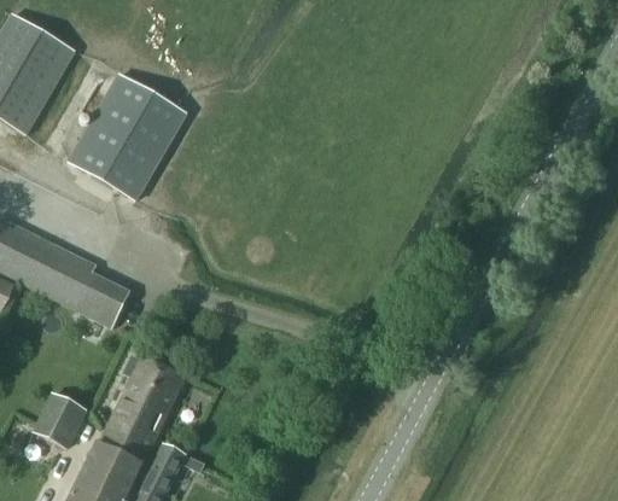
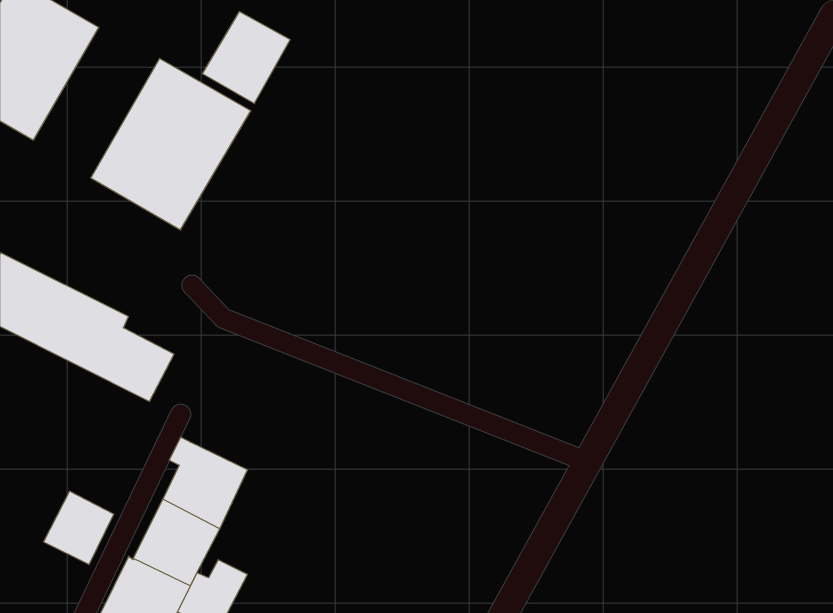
building: none -> [203,12,290,104]

